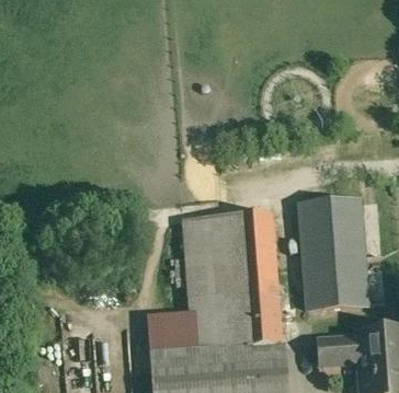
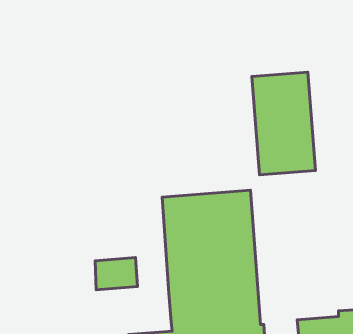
building: [304,205,366,305] -> [252,72,315,175]
building: [152,313,194,345] -> [95,257,138,290]

